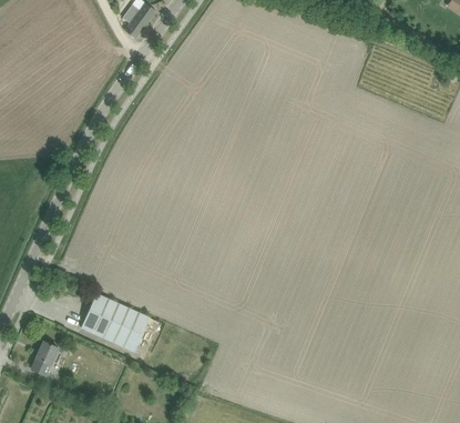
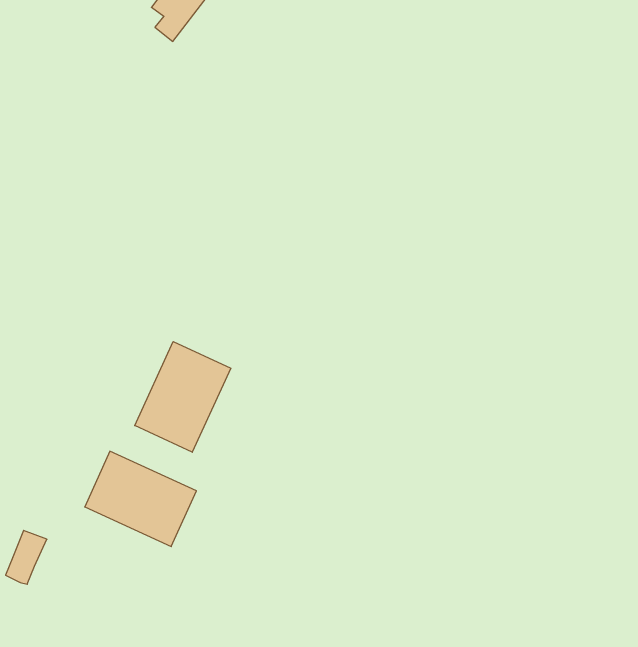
building: none -> [135,342,231,452]

